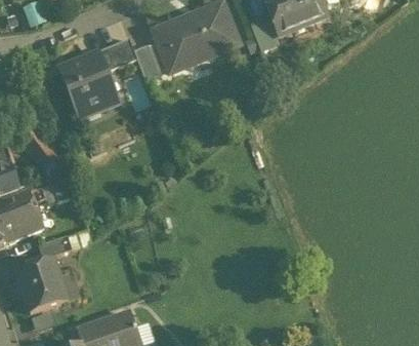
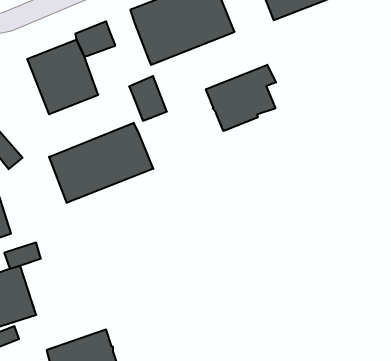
building: [133,38,167,78] -> [129,76,167,121]
building: none -> [206,65,276,131]
building: none -> [49,123,153,203]

